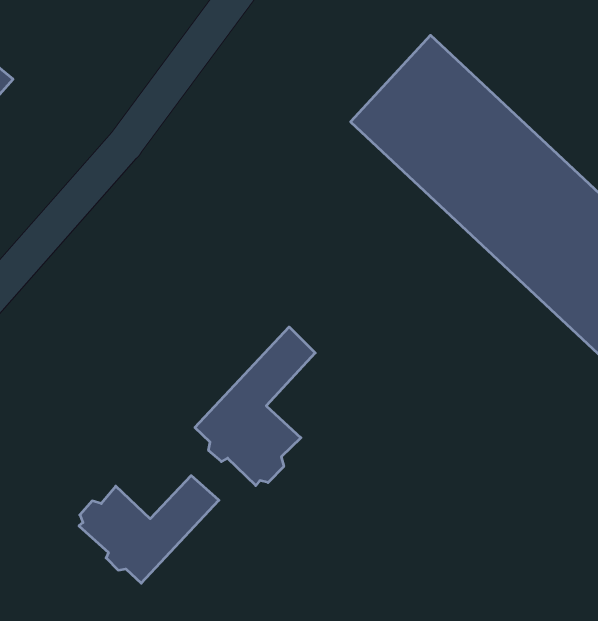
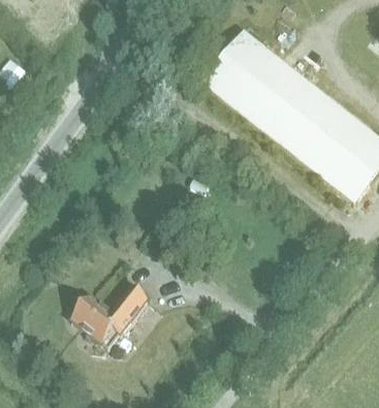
building: [195,327,315,486] -> none

